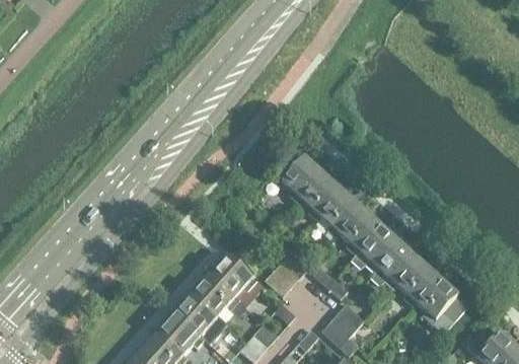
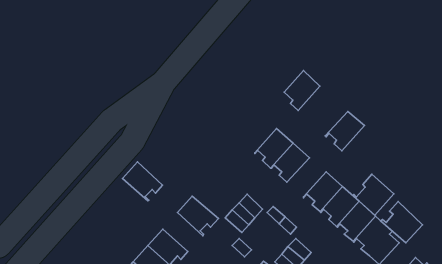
building: [283,155,324,202] -> [284,71,320,111]
building: [337,208,382,253] -> [325,112,364,151]
building: none -> [353,174,394,215]
building: none -> [381,202,422,243]
building: [192,272,238,317] -> [123,162,163,201]

